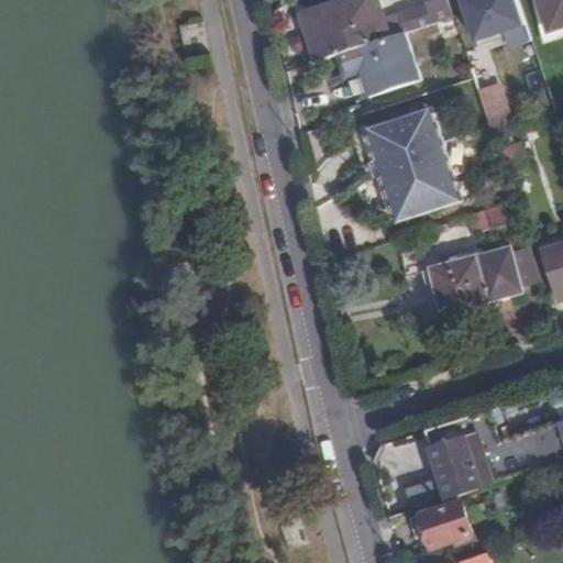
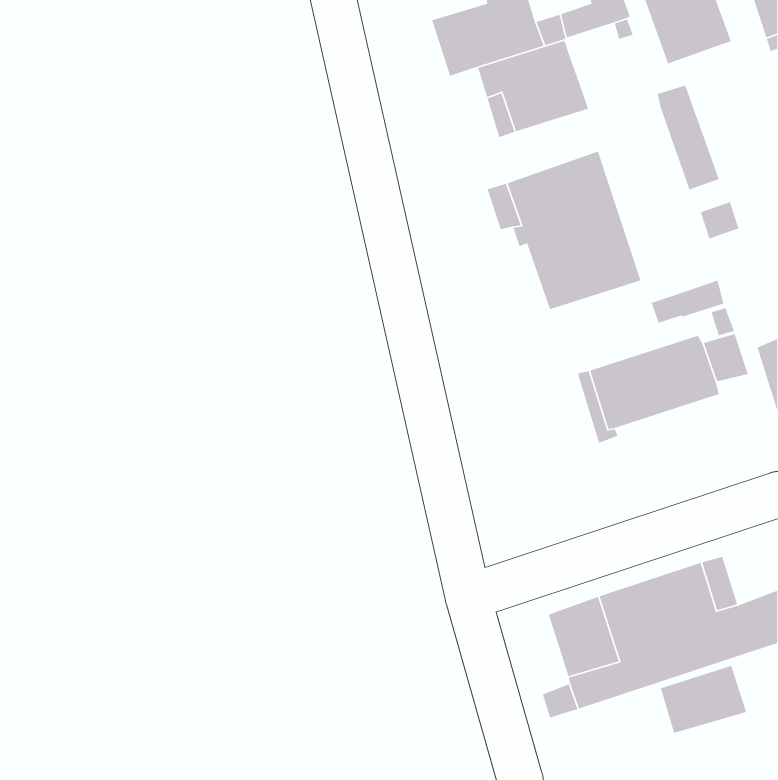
building: [411,498,474,548] -> [660,665,747,734]

